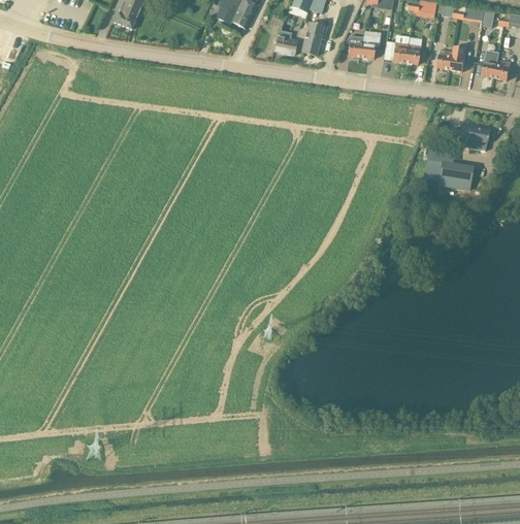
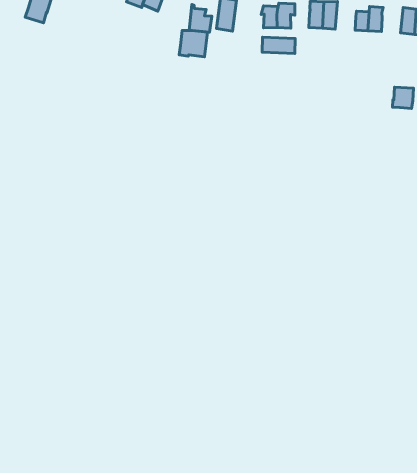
building: none -> [179,30,207,57]
building: none -> [262,37,295,54]
building: [423,144,474,189] -> none

